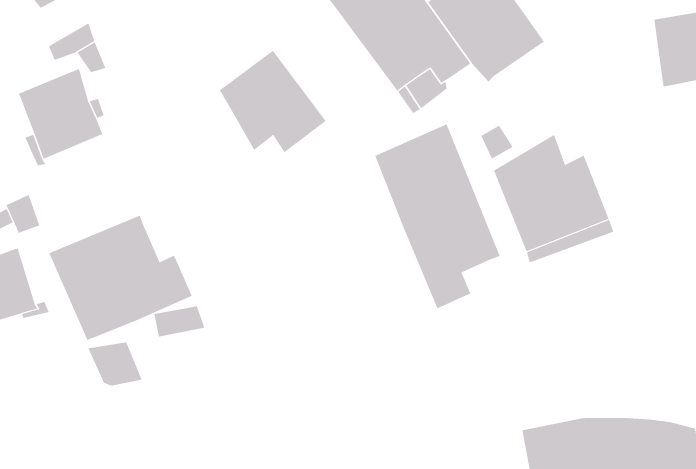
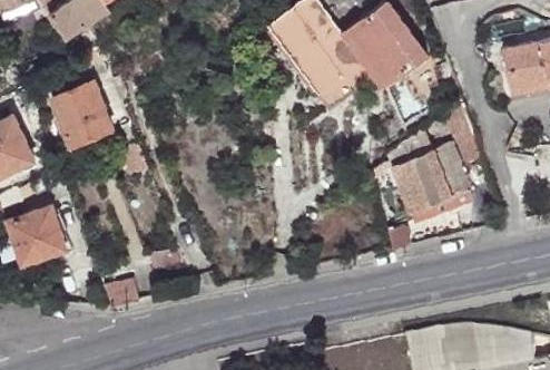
building: [219,50,326,153] -> none
building: [375,124,501,309] -> none
building: [48,215,193,341] -> none

